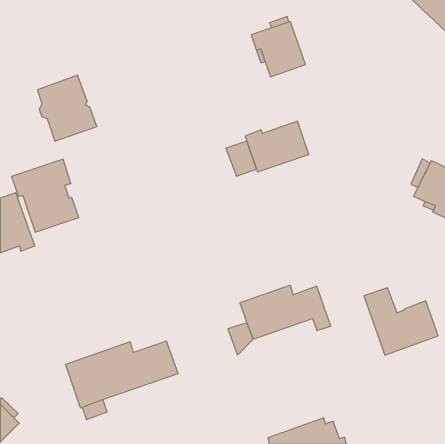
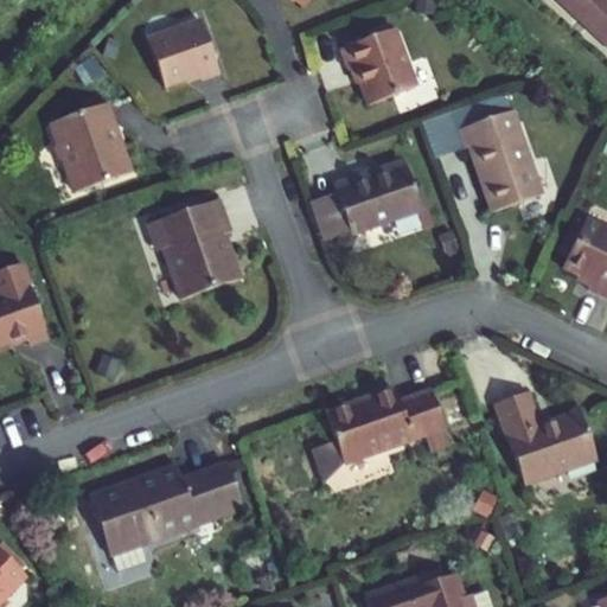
building: none -> [148,18,221,85]
building: none -> [418,92,542,211]
building: [12,159,79,232] -> [149,198,241,298]

